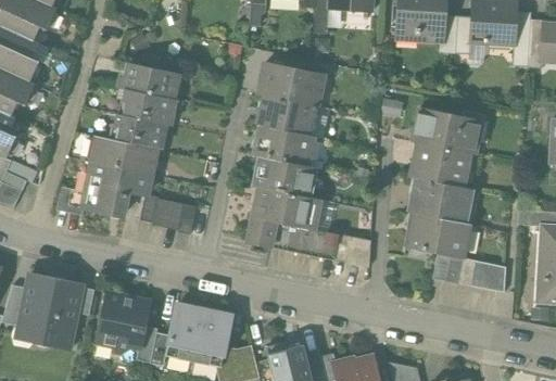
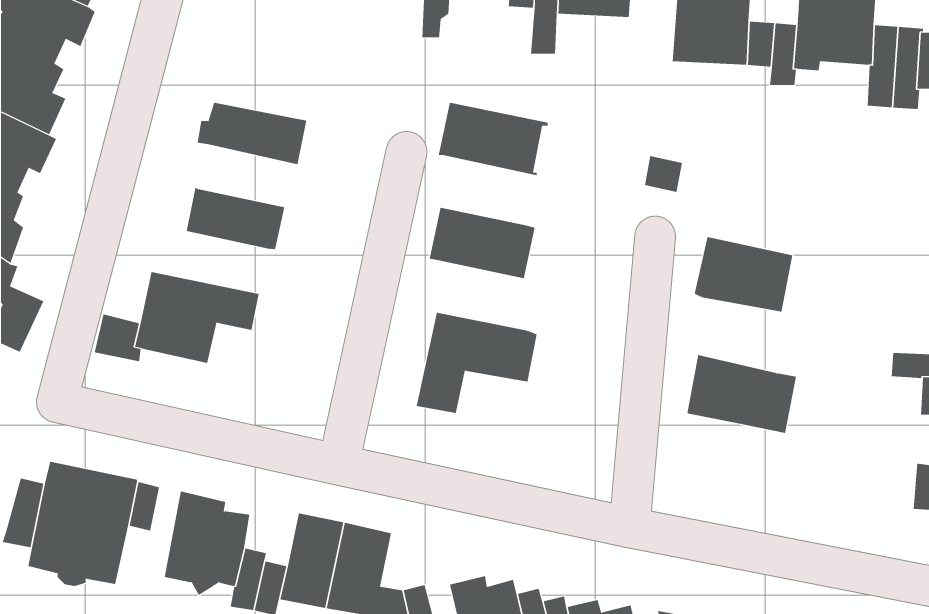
building: [117,87,177,124] -> none
building: [255,93,317,135] -> none
building: [413,106,479,152] -> none
building: [89,135,160,175] -> none
building: [252,155,317,196] -> none
building: [406,177,465,221] -> none
building: [123,192,195,234] -> none
building: [269,220,370,266] -> none
building: [432,252,505,292] -> none

